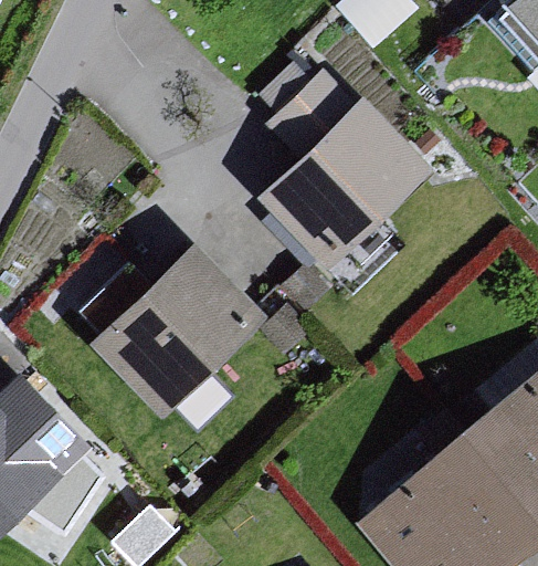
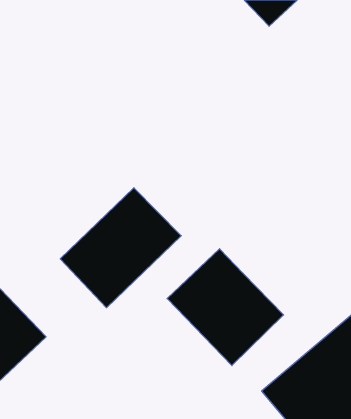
building: [266,67,430,262] -> none
building: none -> [167,249,284,366]

